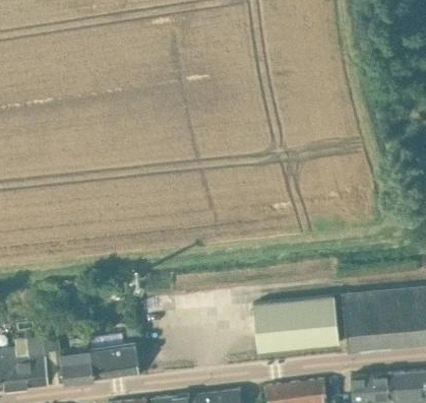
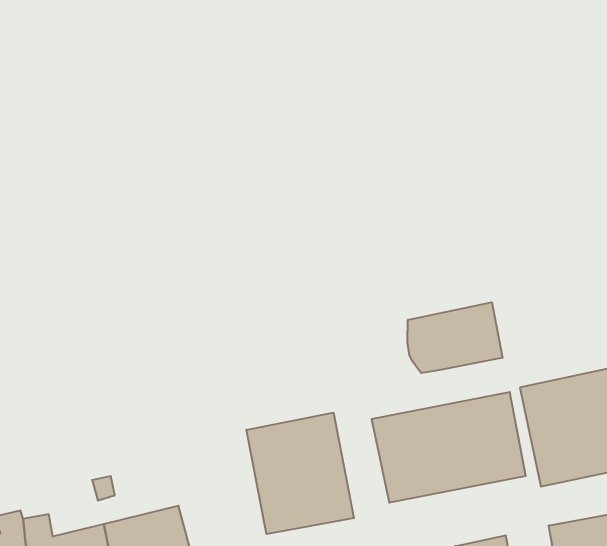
building: none -> [407,302,502,373]
building: none -> [246,413,354,534]

